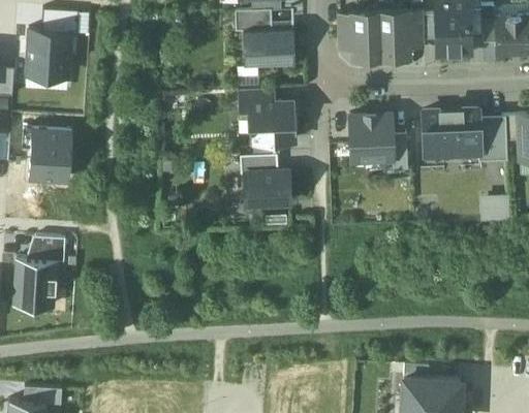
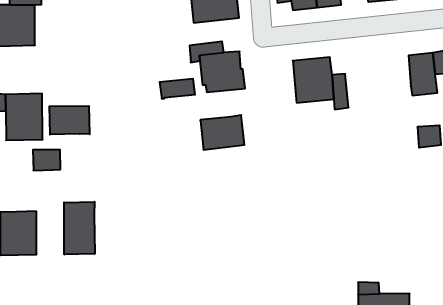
building: [423,110,478,155] -> none
building: none -> [49,106,90,135]
building: [240,155,278,174] -> [160,79,195,99]
building: [34,237,65,261] -> [33,150,60,170]
building: none -> [64,202,95,255]

